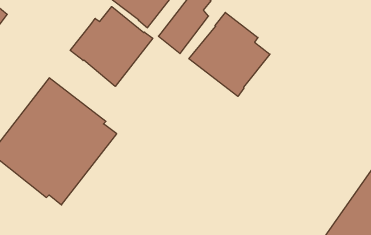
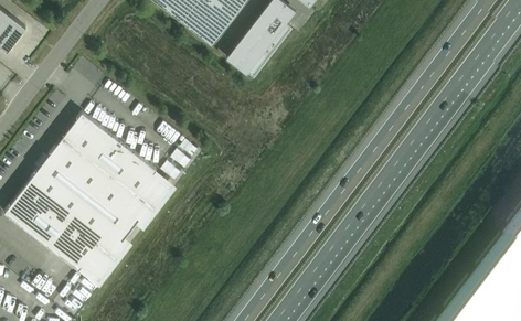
building: [70,7,153,86] -> none
building: [189,12,270,96] -> none

